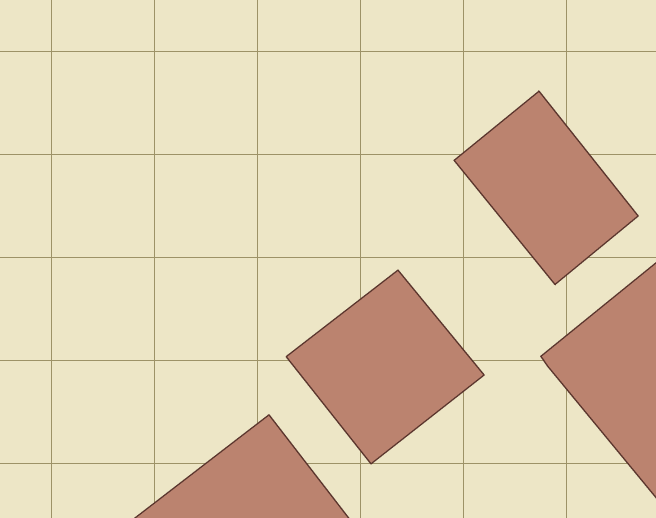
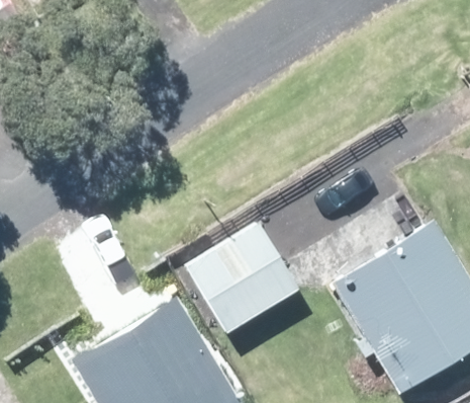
building: [454,91,638,285] -> none

